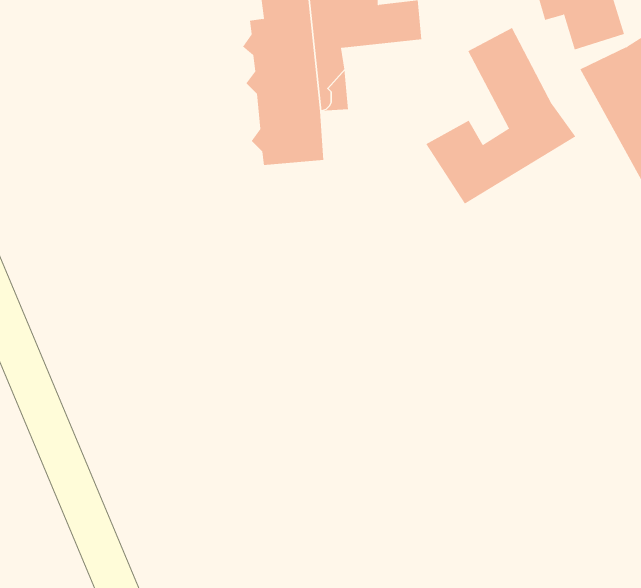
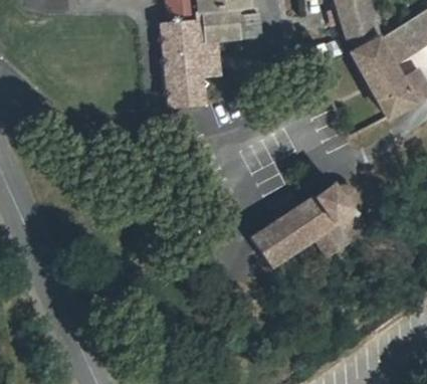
building: [425,27,576,205] -> none
building: none -> [252,182,367,269]

